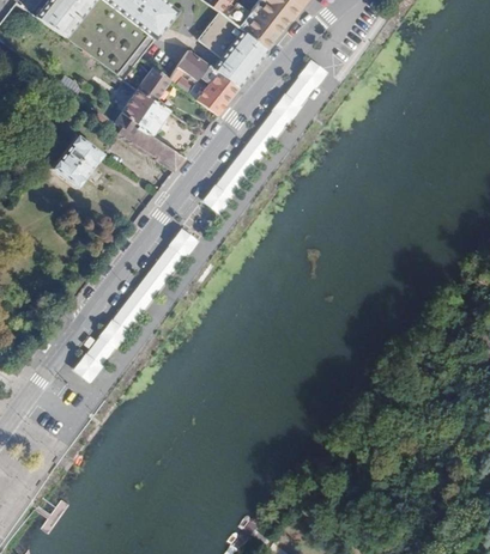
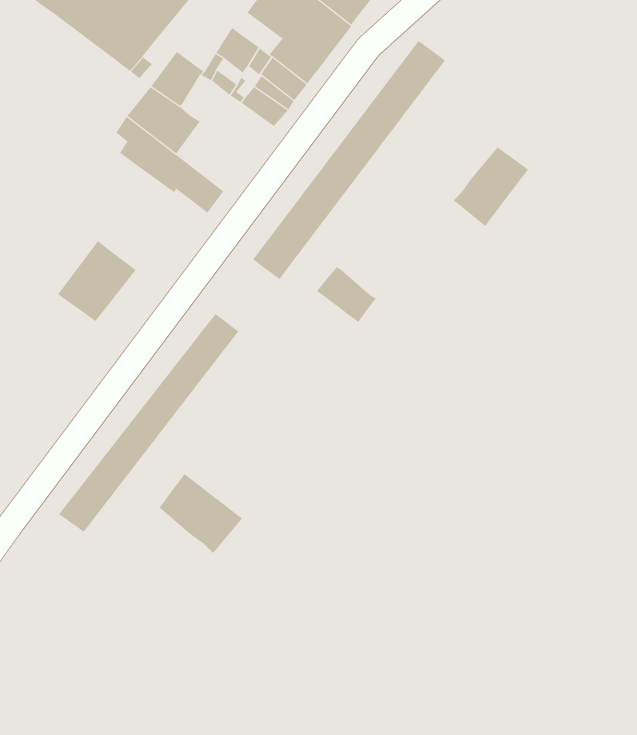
building: none -> [453,147,529,227]
building: [50,132,102,184] -> [57,241,136,322]
building: none -> [316,266,377,323]
building: none -> [159,473,243,554]

